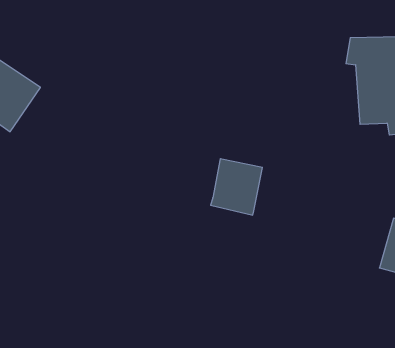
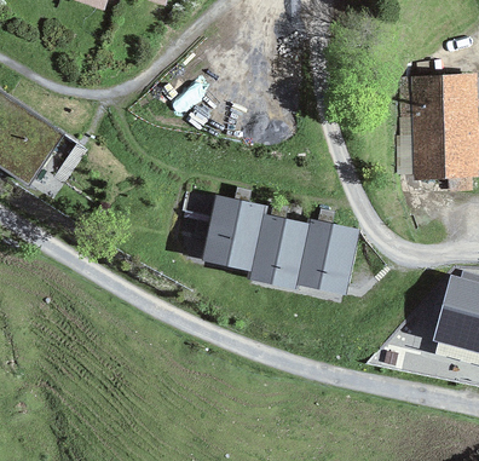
building: none -> [189,197,260,259]
building: none -> [295,221,353,283]

